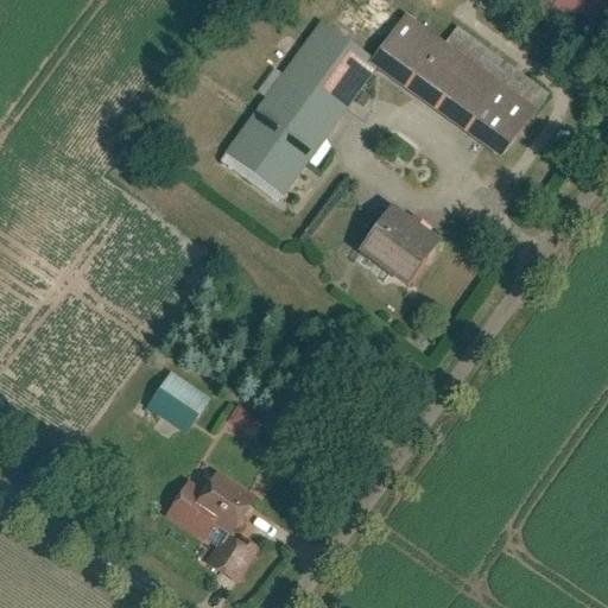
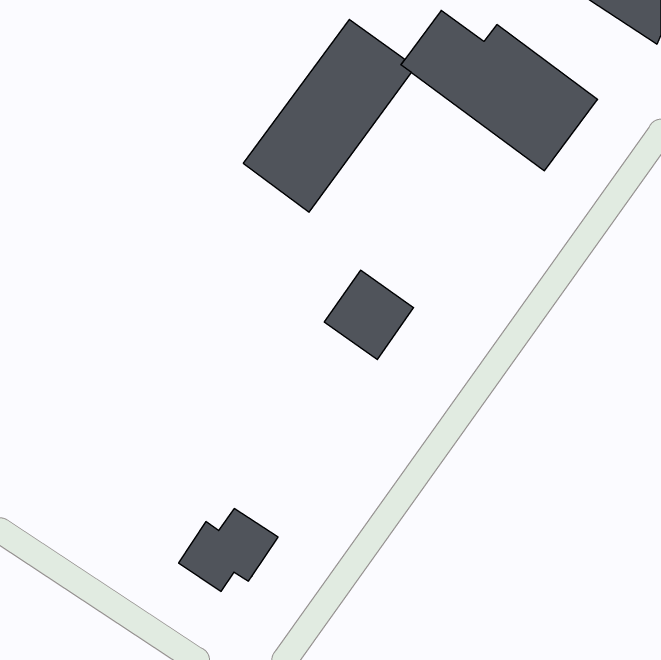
building: [359,200,441,281] -> [324,270,414,360]
building: [141,368,211,437] -> none
building: [204,528,261,584] -> none

